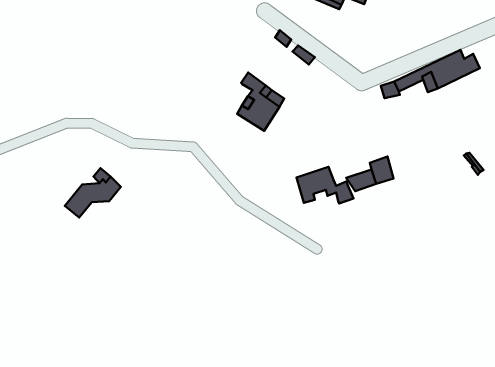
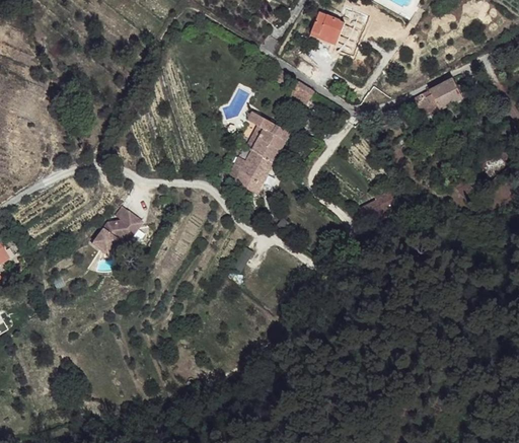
building: none -> [226,147,273,194]
building: [296,167,353,203] -> none

